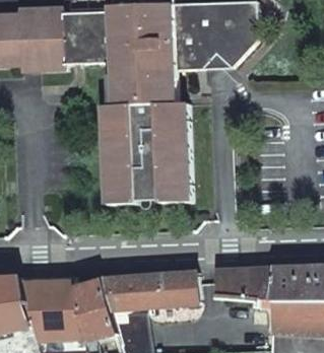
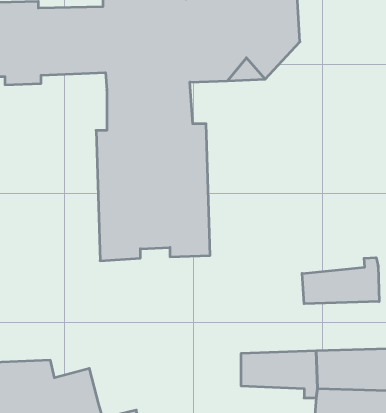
building: none -> [302,258,379,304]
building: [98,274,193,310] -> none

